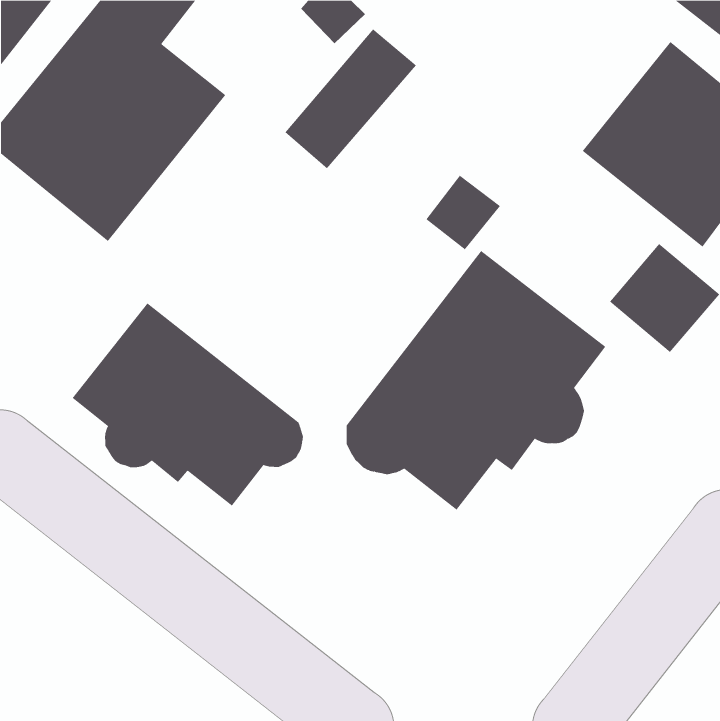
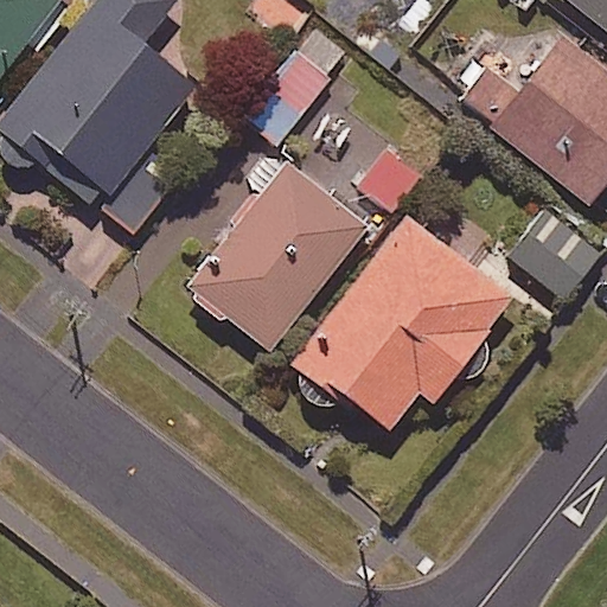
building: none -> [189,160,368,347]
building: [72,302,304,506] -> none

